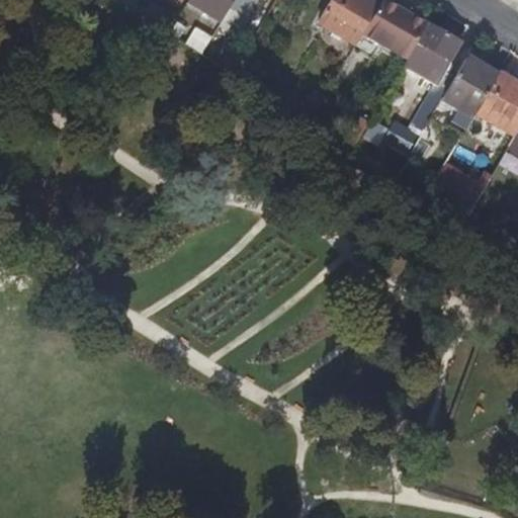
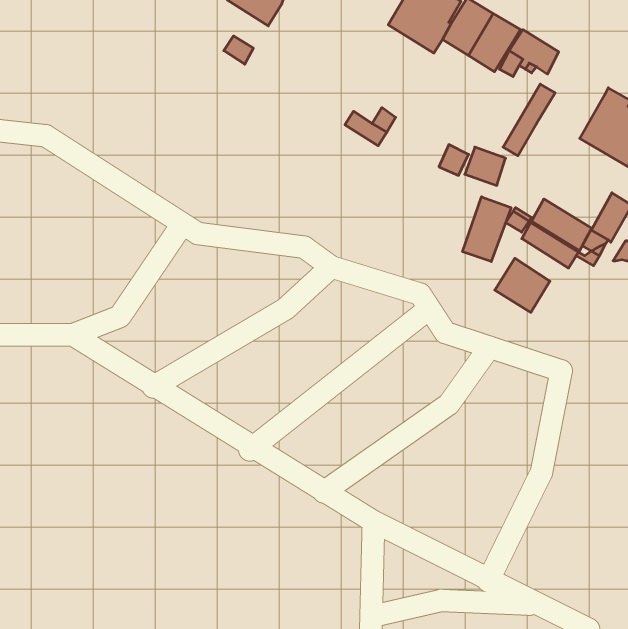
building: [442,60,498,119] -> none
building: none -> [463,197,511,262]
building: none -> [495,258,550,312]

